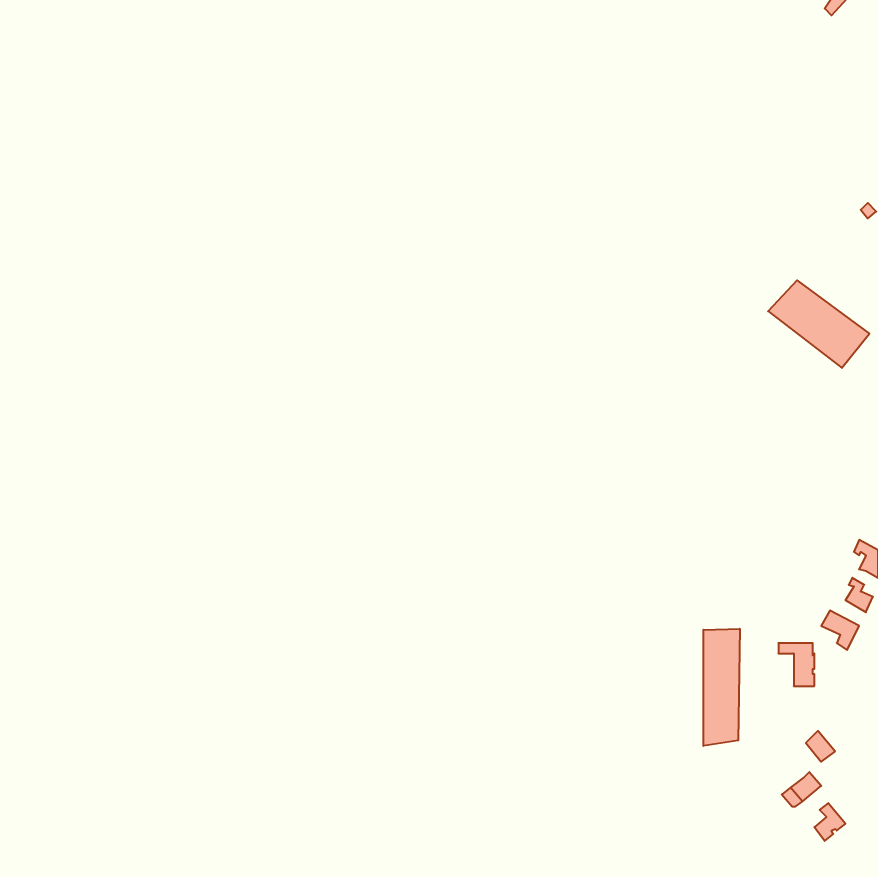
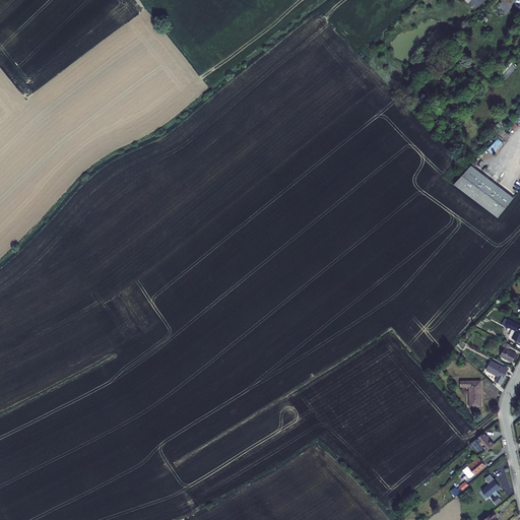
building: [703,629,740,746] -> none

